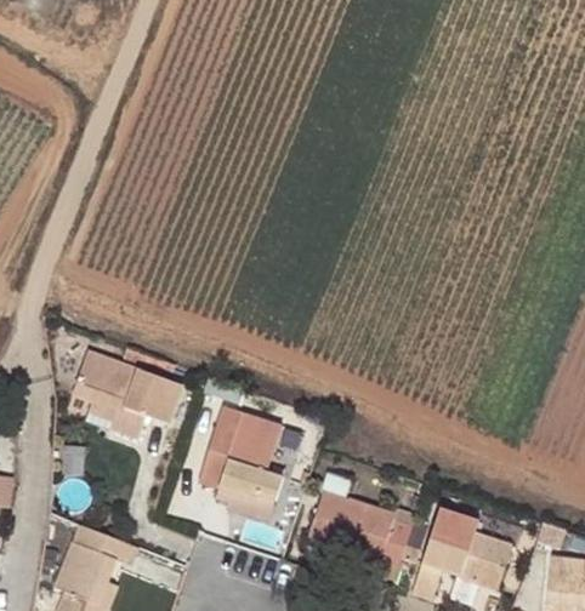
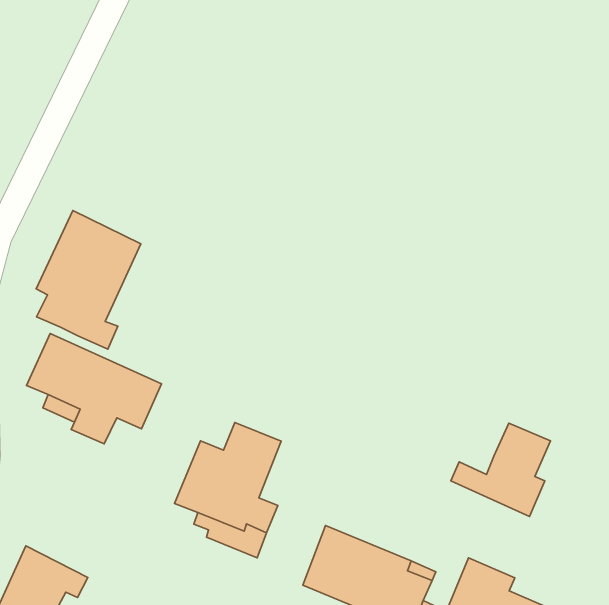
building: none -> [36,211,141,349]
building: none -> [451,423,550,517]

